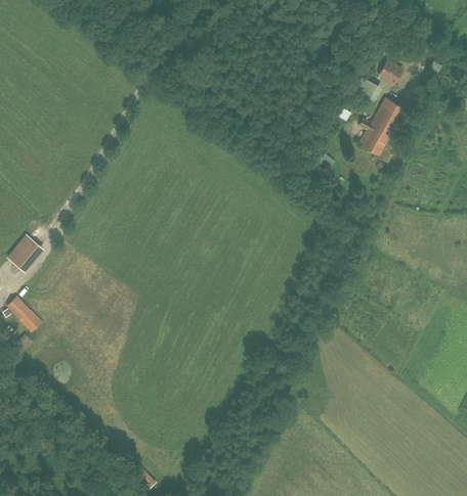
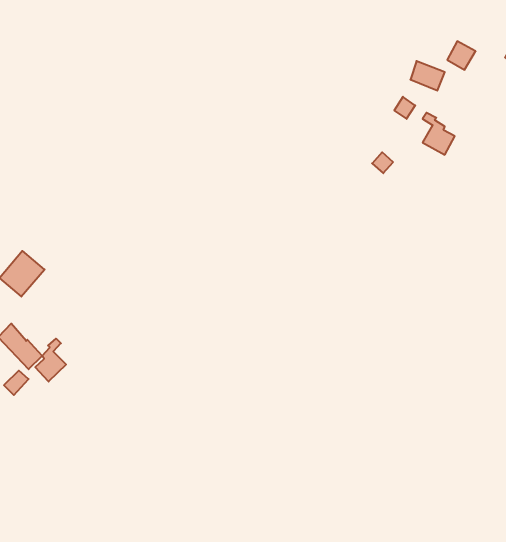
building: [369,99,406,139] -> none
building: none -> [35,339,66,382]

